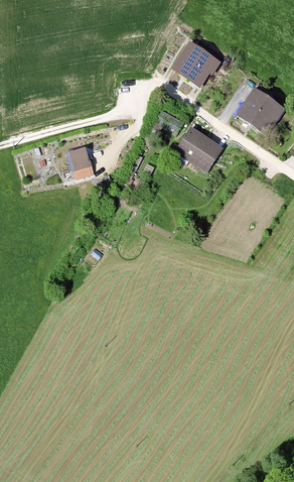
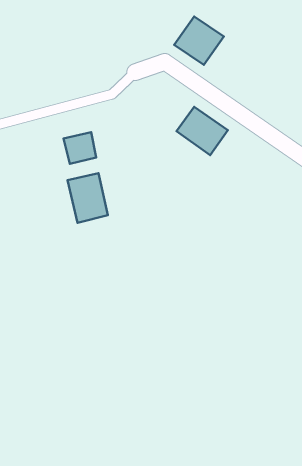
building: [236,84,286,134] -> none
building: none -> [67,173,108,223]

